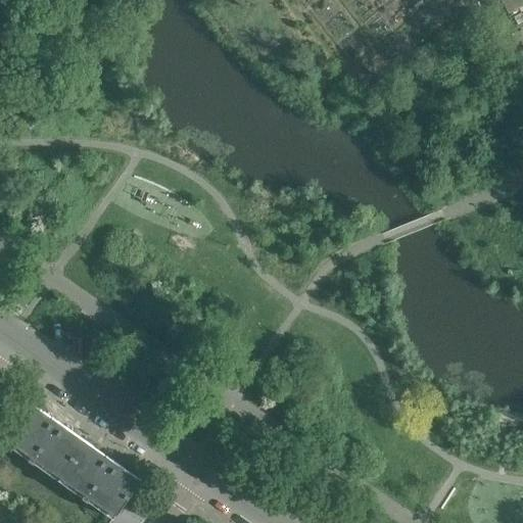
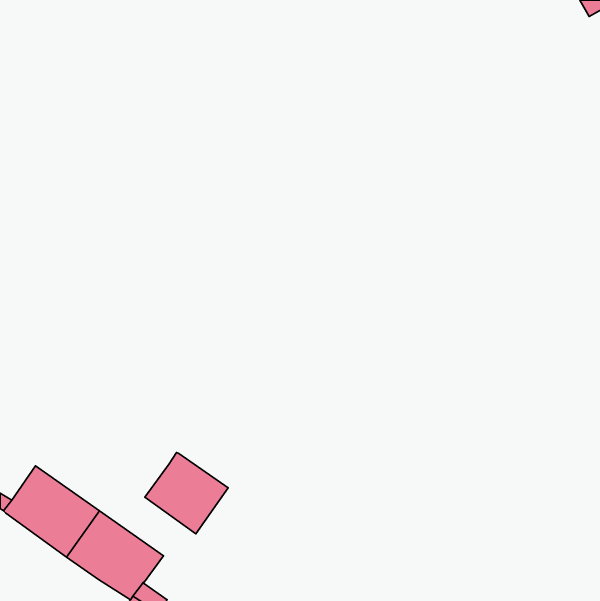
building: none -> [145,453,228,534]

